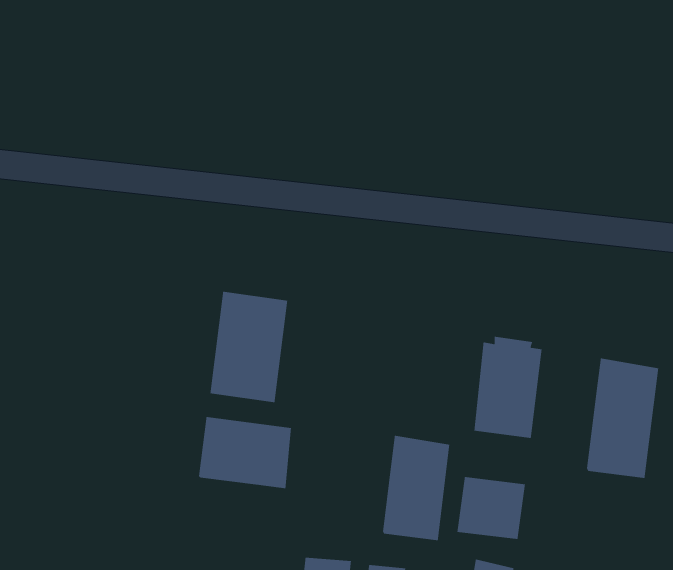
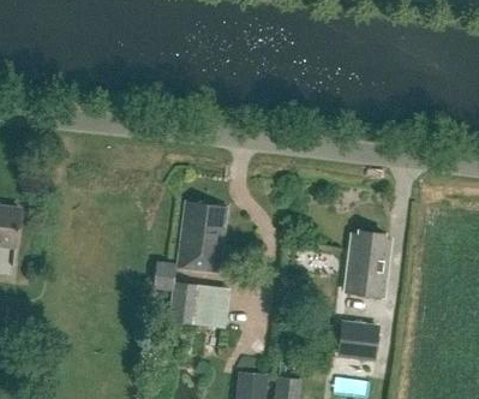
building: [586,357,659,479] -> none
building: [382,435,450,541] -> none

